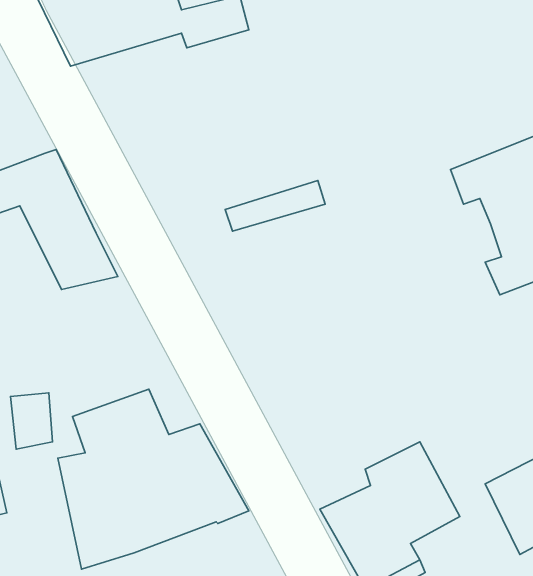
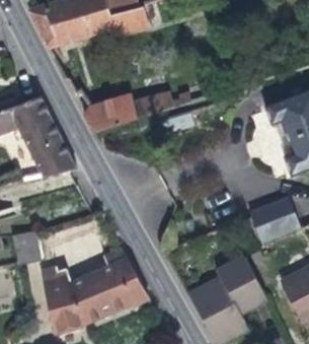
building: none -> [83,91,174,132]
building: none -> [246,197,302,246]

